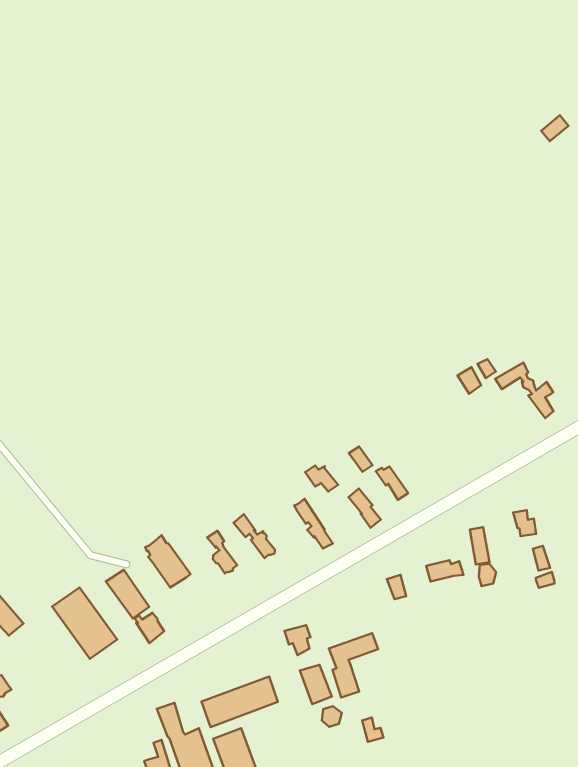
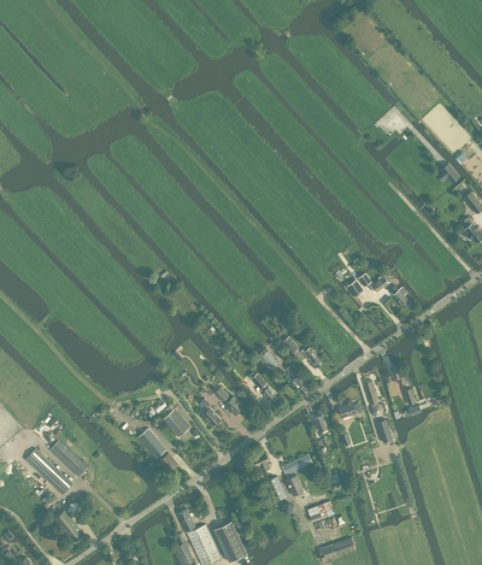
building: [52,587,117,659] -> none
building: [201,676,278,727] -> none

